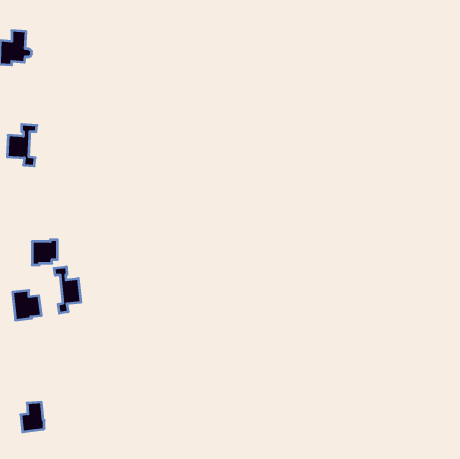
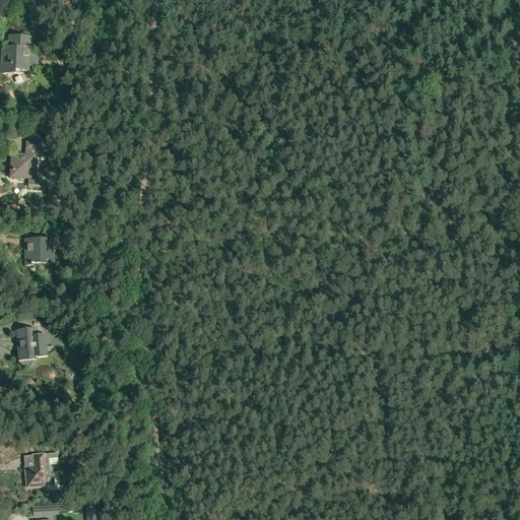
building: [32,240,57,265] -> [23,236,52,264]
building: [54,267,81,313] -> none

